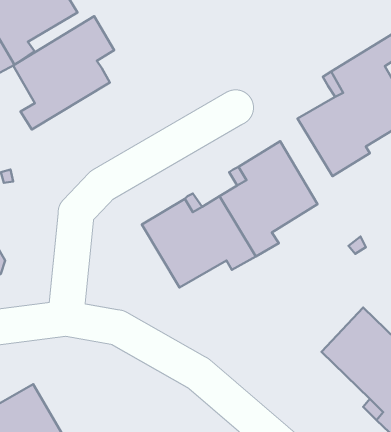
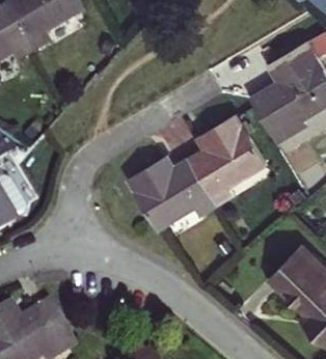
building: [13,16,114,130] -> none

